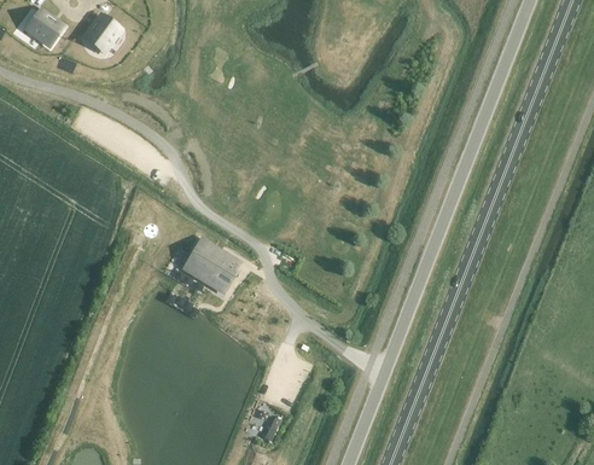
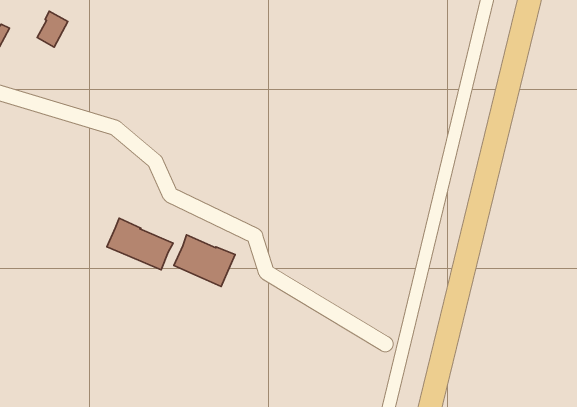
building: none -> [107,218,173,270]

